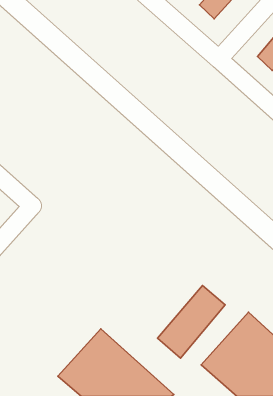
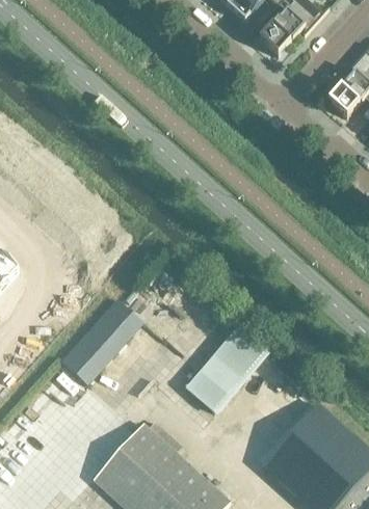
building: none -> [62,299,142,383]
building: [158,285,225,358] -> [186,324,266,410]

